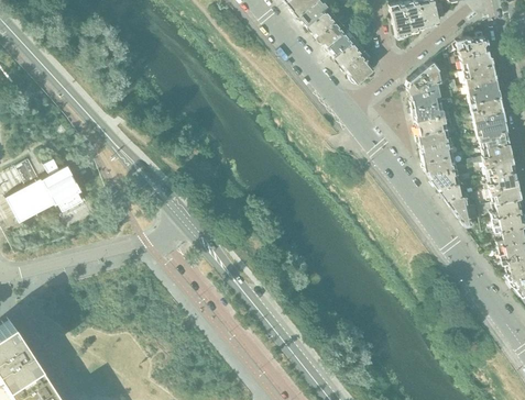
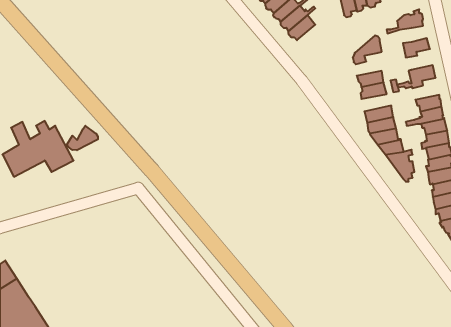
building: [341,51,373,84] -> none
building: [461,52,492,71] -> none
building: [468,78,499,103] -> none
building: [411,82,440,109] -> none
building: [475,111,506,136] -> none
building: [417,127,451,149] -> none
building: none -> [67,126,98,150]

